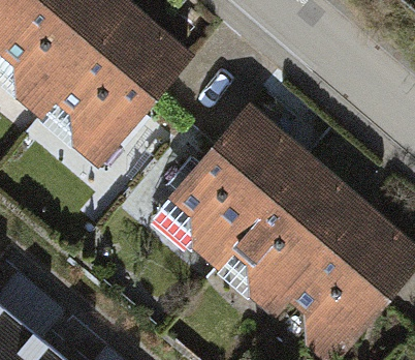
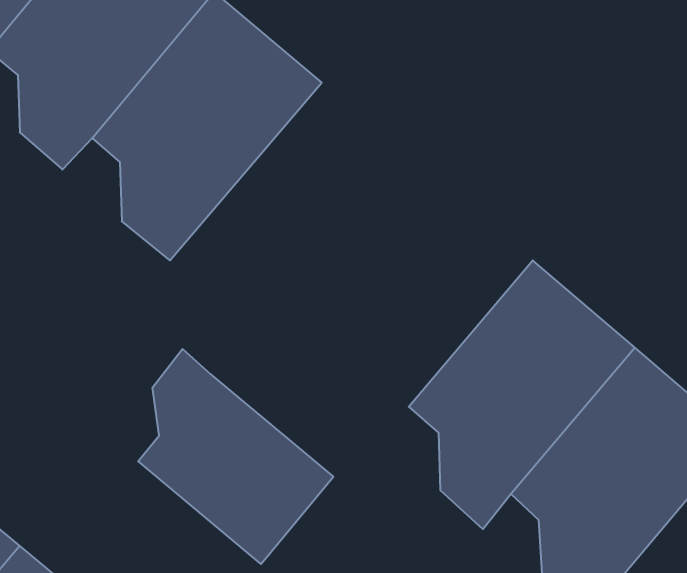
building: [177,111,305,261] -> none
building: none -> [138,349,333,564]

